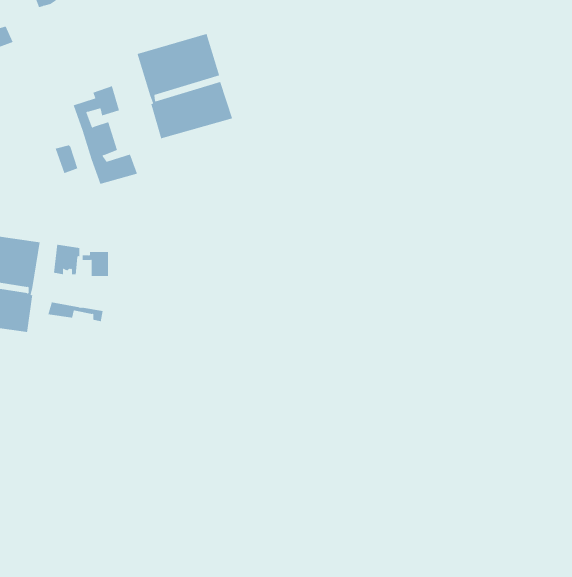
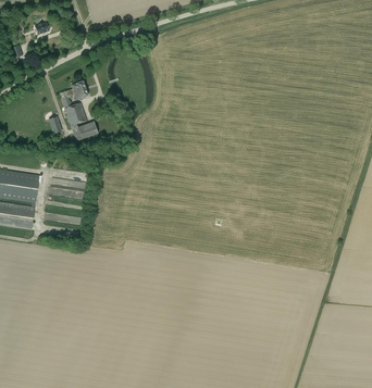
building: [137,33,233,139] -> none

